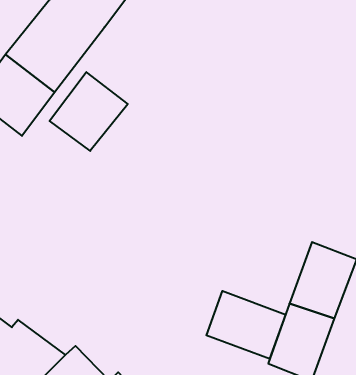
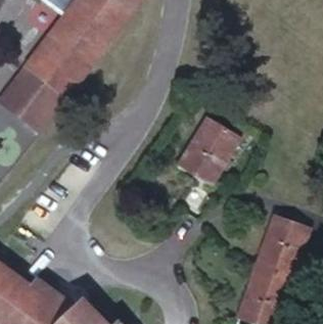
building: [50,72,128,151] -> none
building: none -> [179,118,240,184]
building: [206,291,286,359] -> none

